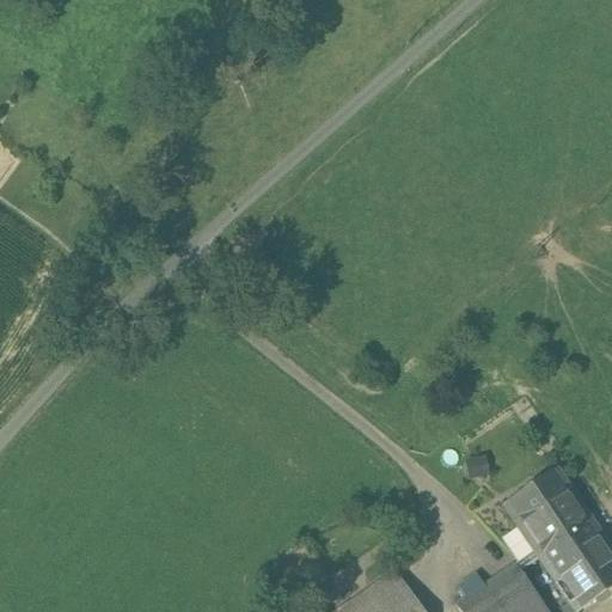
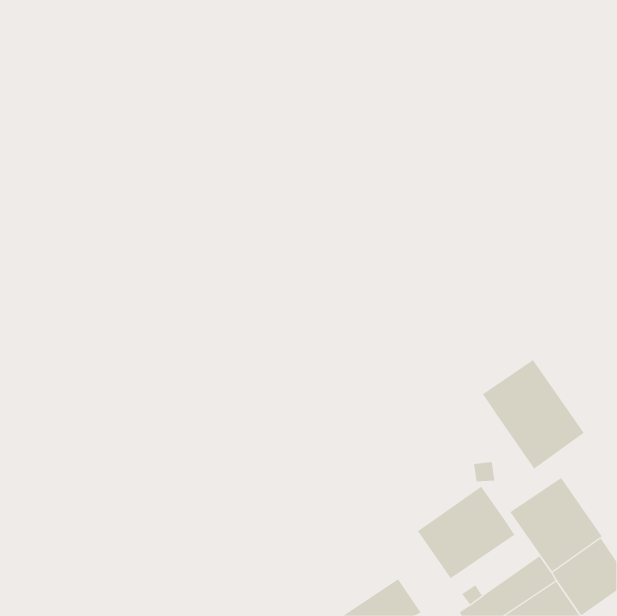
building: none -> [482,360,584,469]
building: none -> [417,486,515,579]

